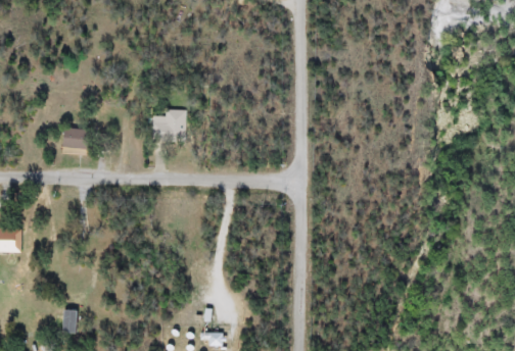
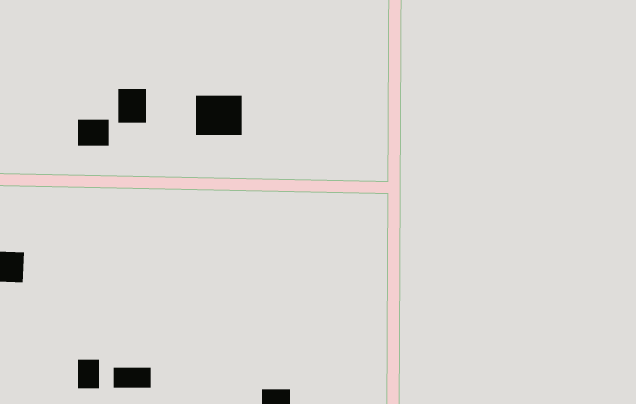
building: none -> [118,88,147,123]
building: none -> [113,367,151,389]

